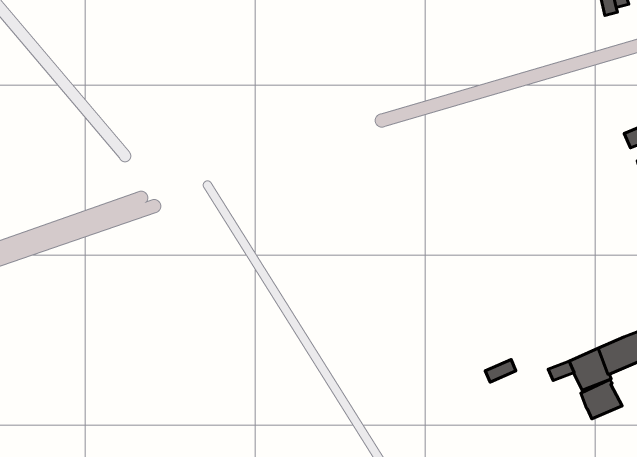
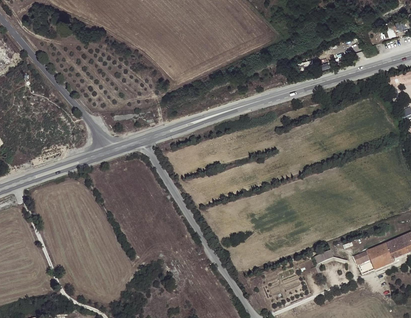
building: [581,379,622,419] -> none

